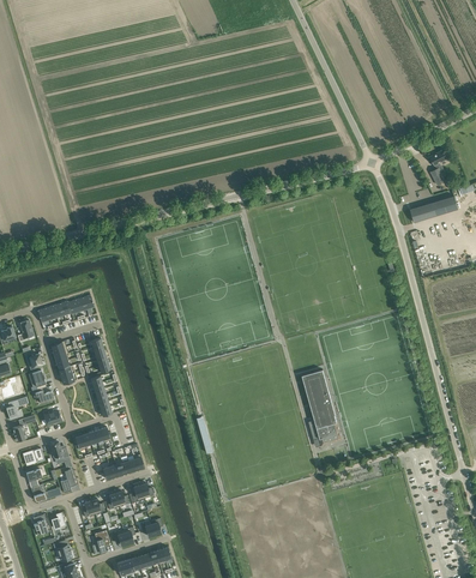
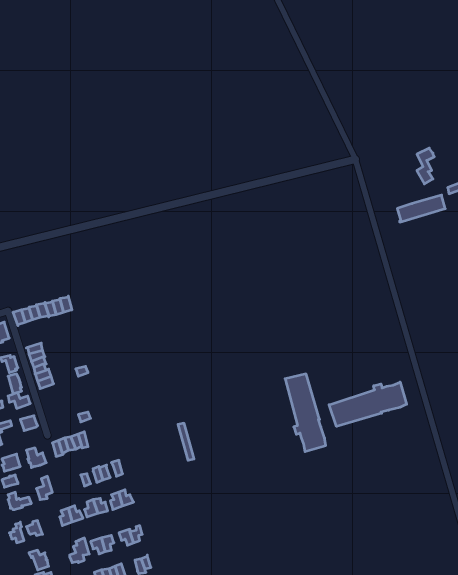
building: none -> [329,382,407,426]

